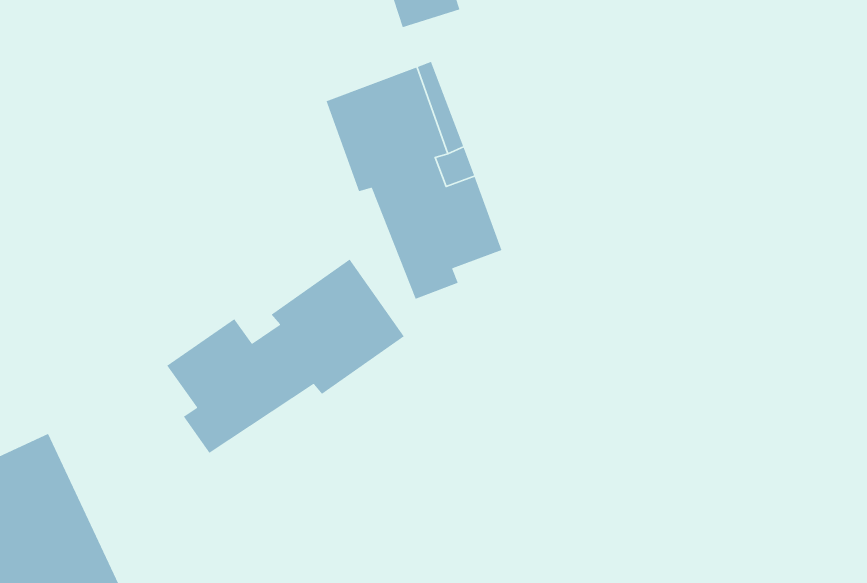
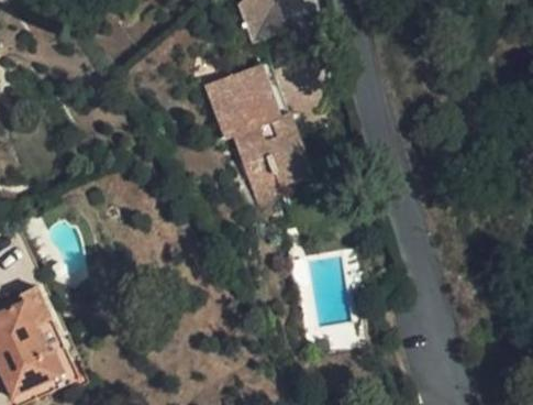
building: [166,258,405,454] -> none

